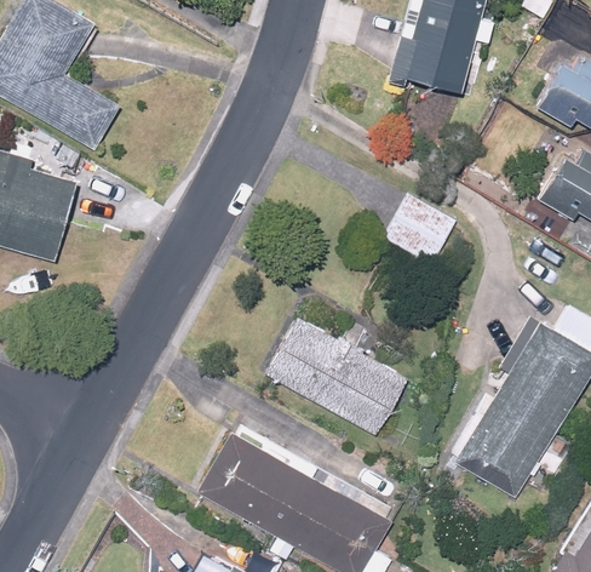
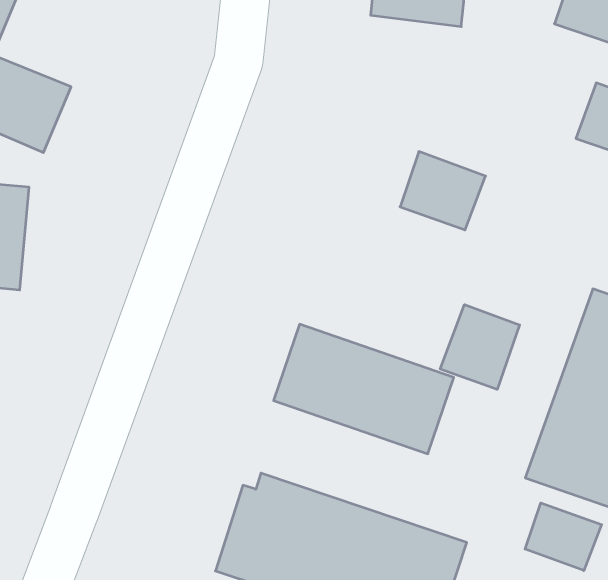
building: none -> [440,305,520,389]
building: none -> [525,503,602,571]

